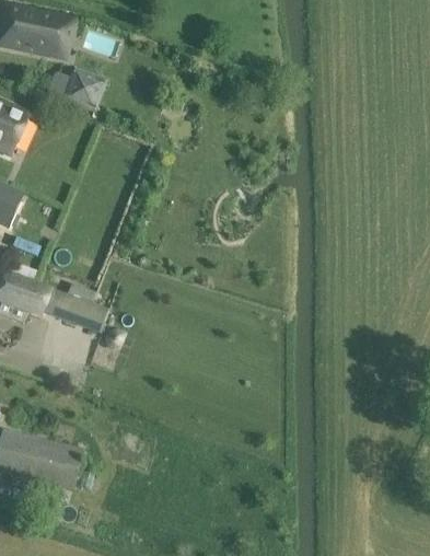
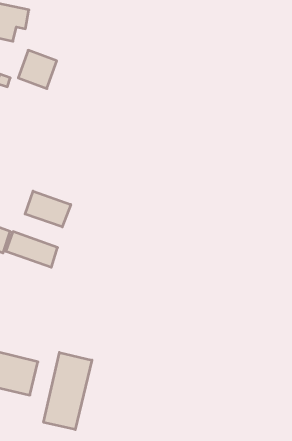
building: none -> [25,191,71,227]
building: none -> [44,352,92,430]

